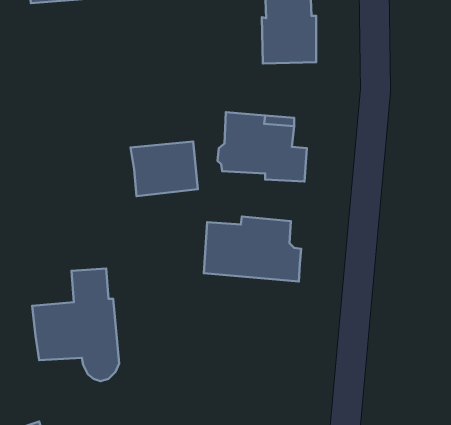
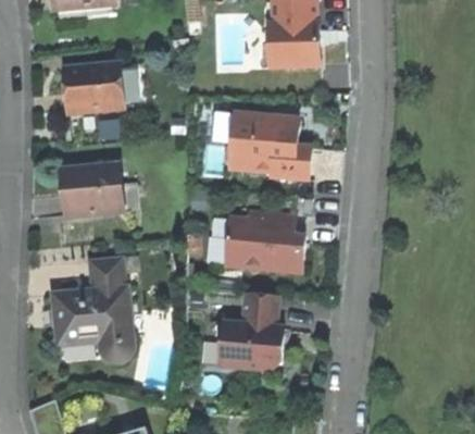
building: none -> [63,64,121,113]
building: [131,142,198,196] -> [60,164,123,215]
building: none -> [222,292,282,368]

